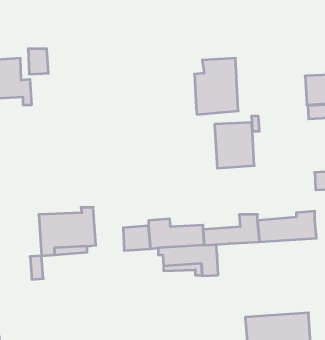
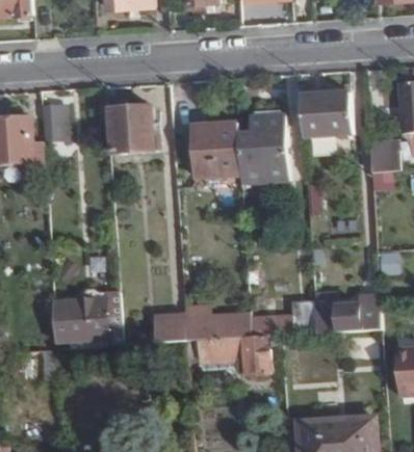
building: none -> [300,91,352,134]
building: none -> [109,105,161,152]
building: [215,123,254,168] -> [192,123,239,177]

